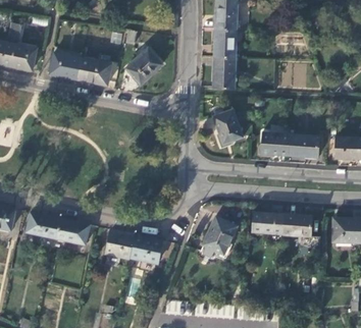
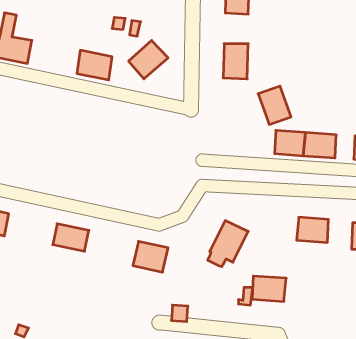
building: [214,24,237,53] -> none
building: [49,54,81,80] -> none
building: [213,105,244,141] -> [258,86,291,124]
building: [252,212,283,235] -> [252,276,286,301]
building: [25,214,59,239] -> none
building: [105,231,135,260] -> none

